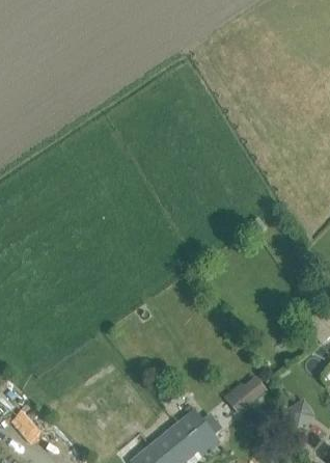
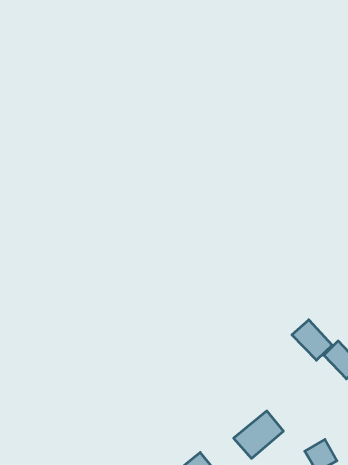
building: none -> [292,320,332,360]

